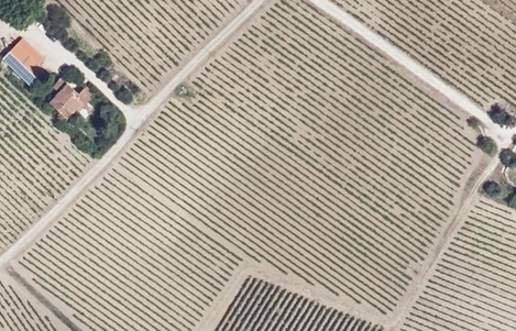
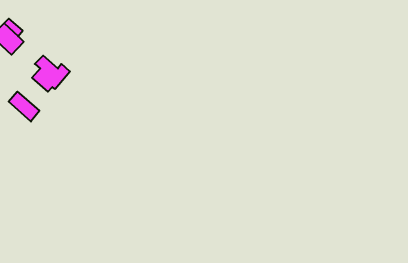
building: none -> [9,92,39,122]

